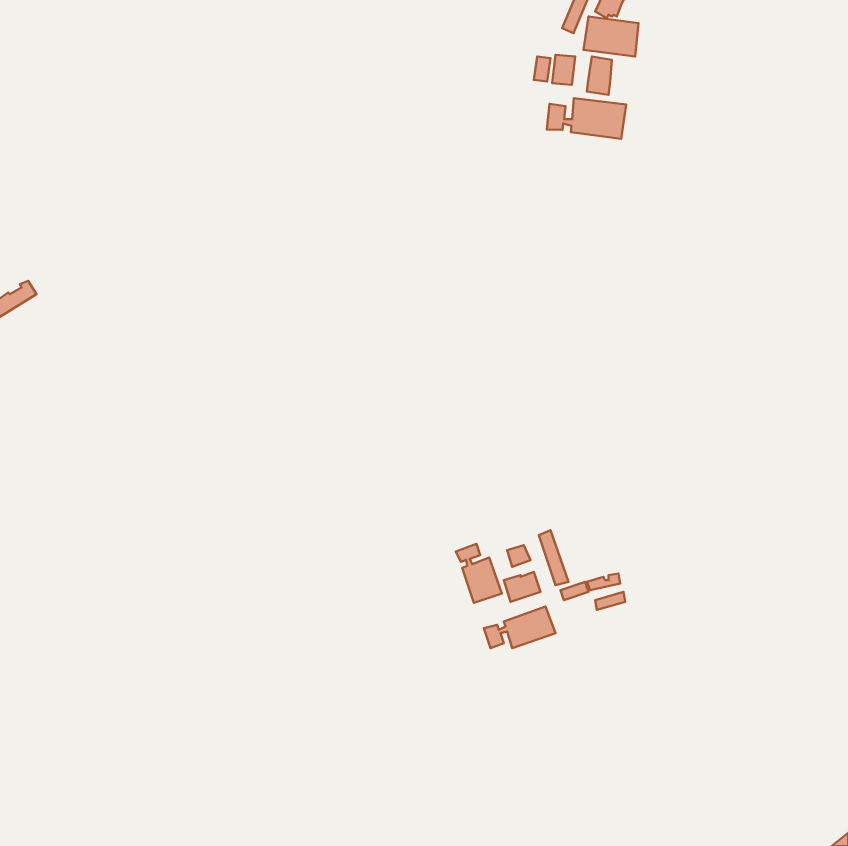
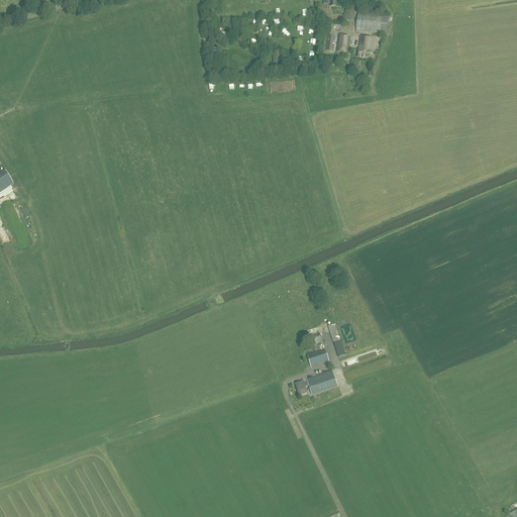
building: [547,98,626,139] -> none
building: [456,544,502,603] -> none

